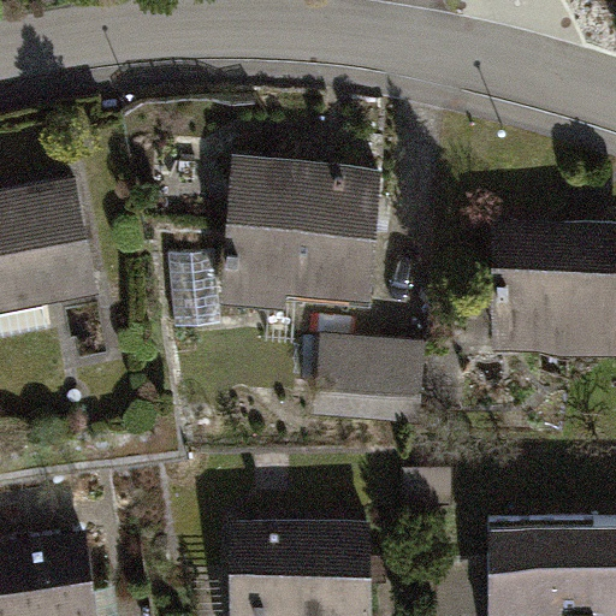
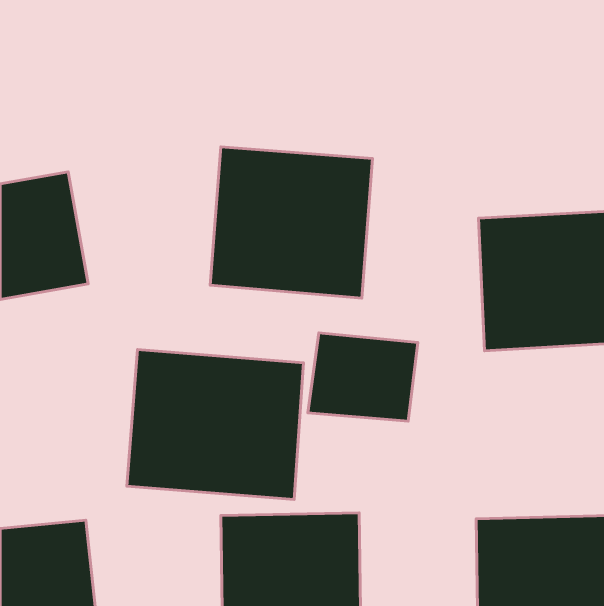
building: none -> [127,350,304,500]

